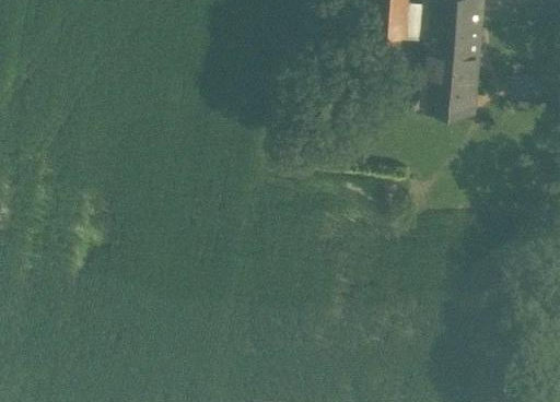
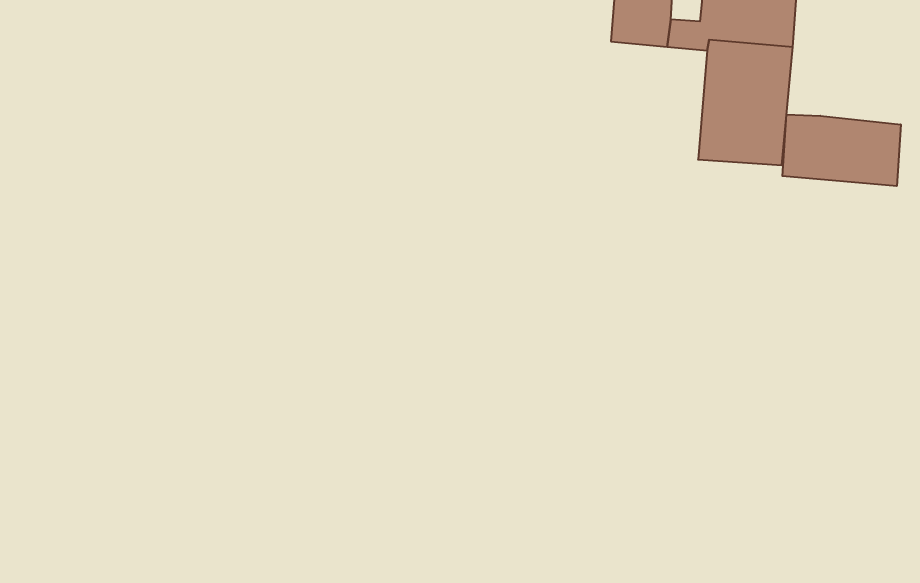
building: none -> [782,114,901,186]

